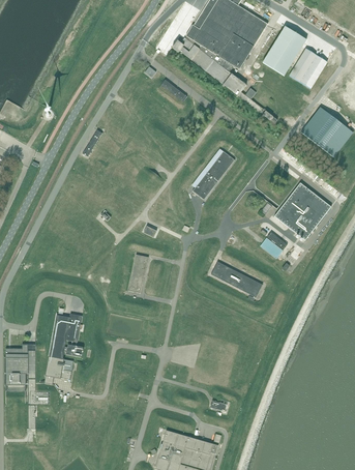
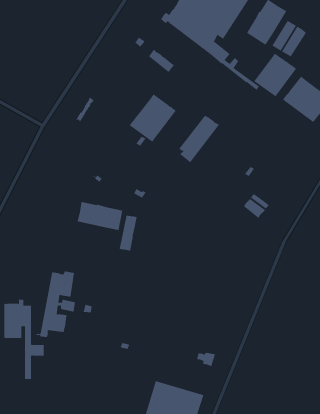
building: none -> [253,53,297,97]
building: none -> [129,94,177,142]
building: [274,183,331,240] -> none
building: none -> [77,201,123,231]
building: [211,261,263,297] -> none

